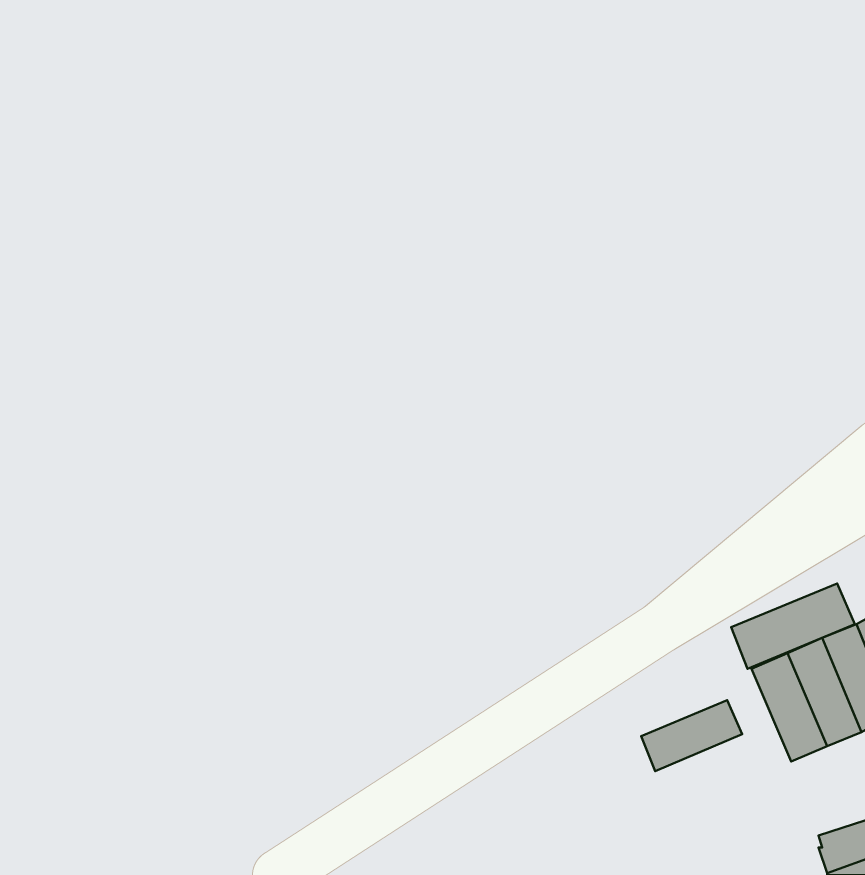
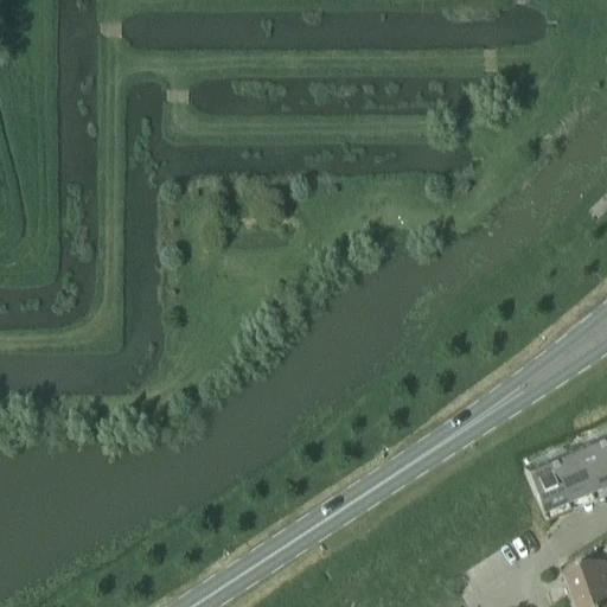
building: [731,584,855,669] -> none
building: [641,700,742,771] -> none

